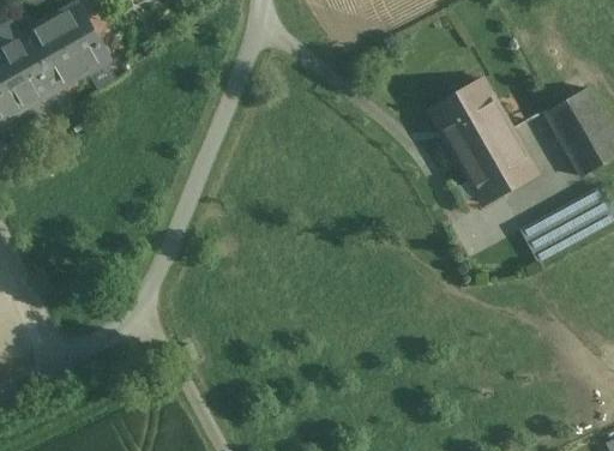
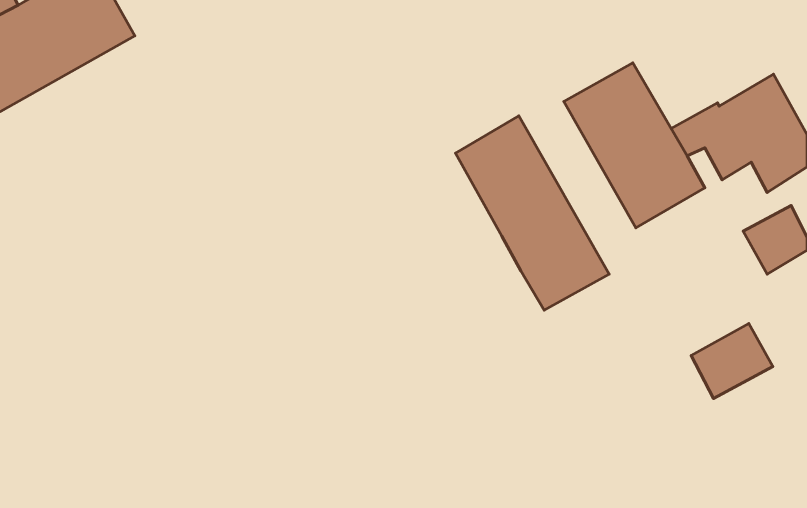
building: none -> [455,116,609,310]
building: [522,205,583,261] -> [691,323,773,399]

